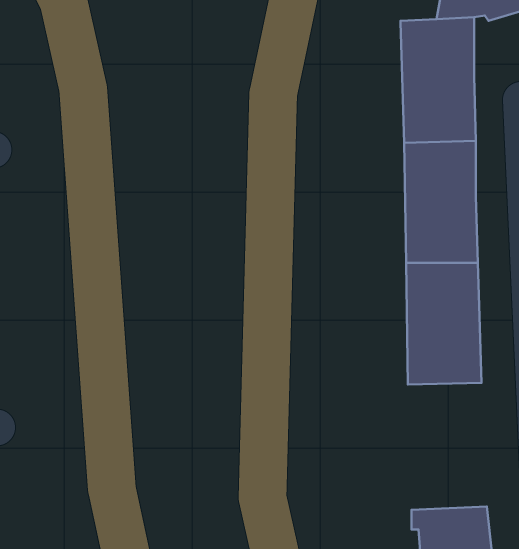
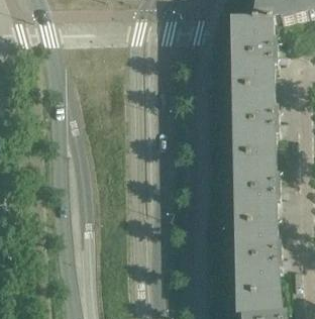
building: none -> [233,220,278,292]

